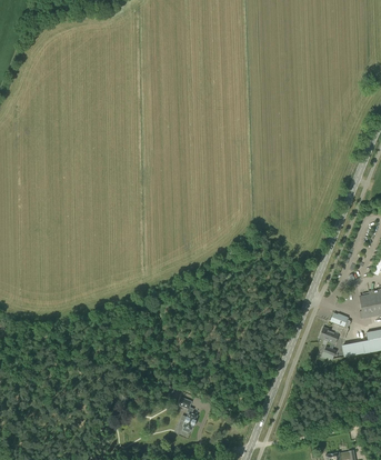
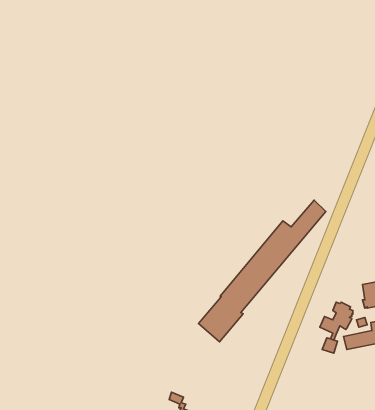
building: none -> [198,200,326,342]

